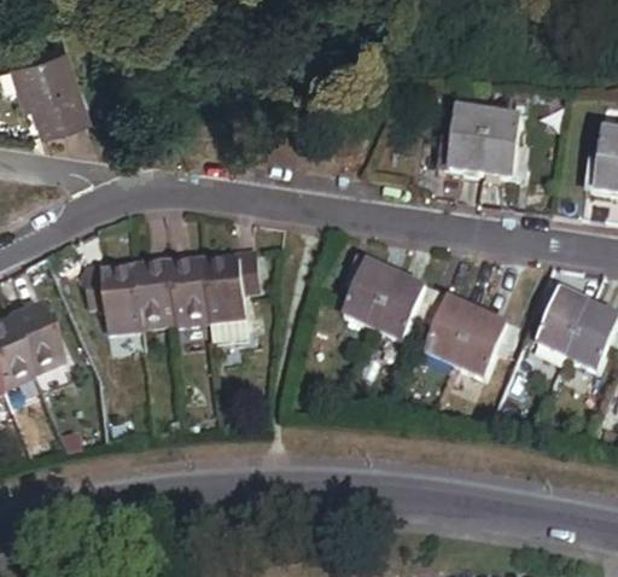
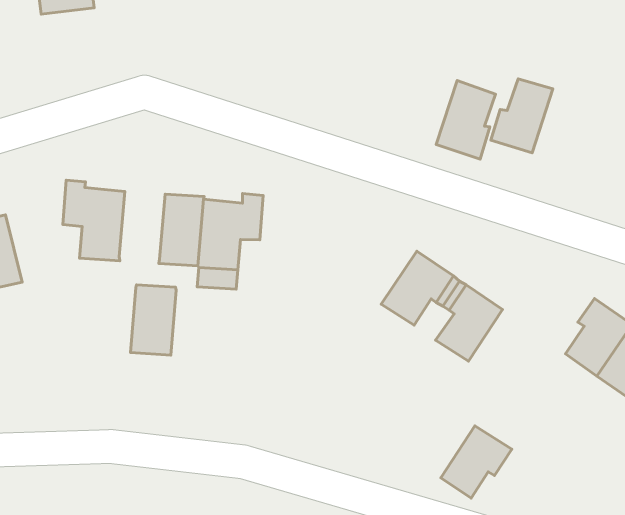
building: [479,113,523,177] -> [436,81,495,159]
building: [135,258,175,321] -> [130,285,176,355]
building: [343,258,395,324] -> none
building: [455,310,512,373] -> [441,426,512,498]

